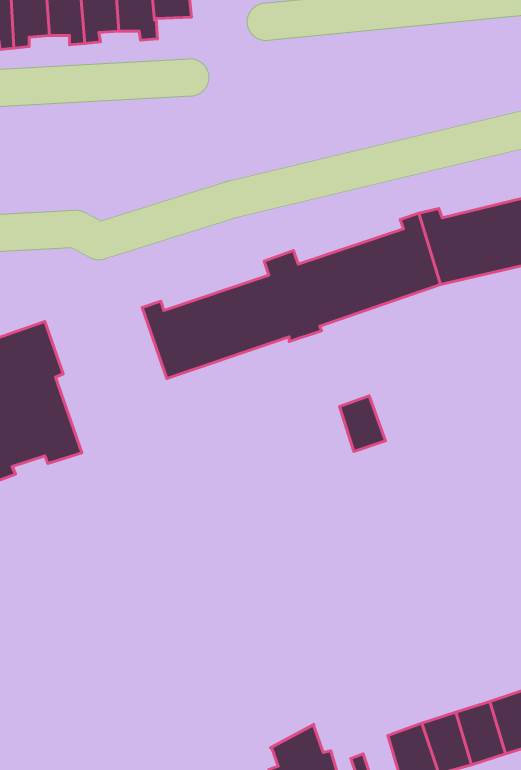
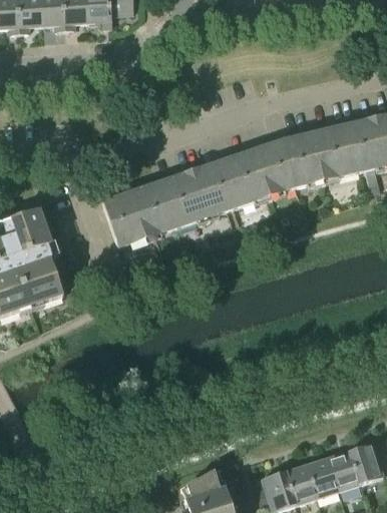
building: [340,396,385,451] -> none

